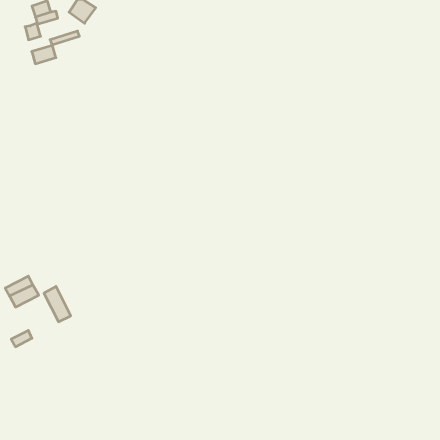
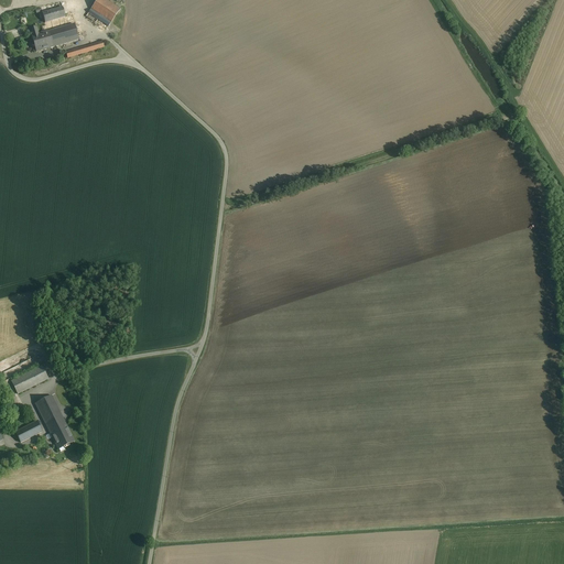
building: [32,46,56,64] -> [48,23,79,46]
building: [44,286,71,322] -> [36,395,70,441]

